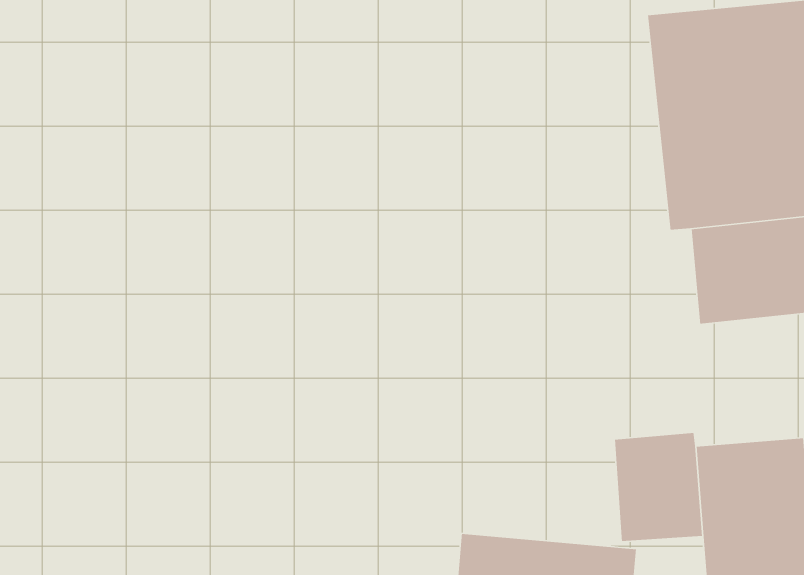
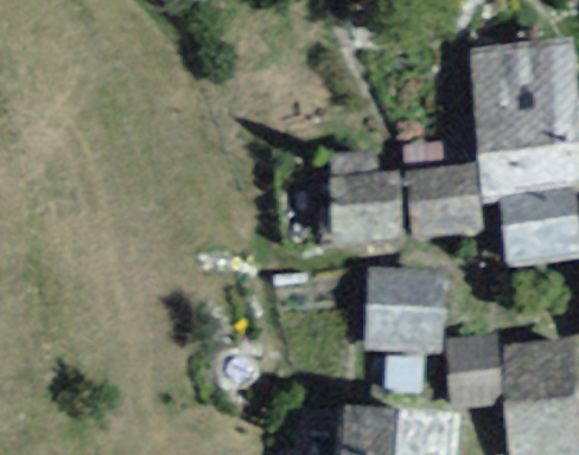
building: none -> [403,161,481,238]
building: none -> [329,171,402,243]
building: none -> [361,265,444,354]

